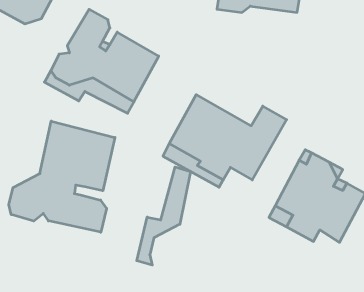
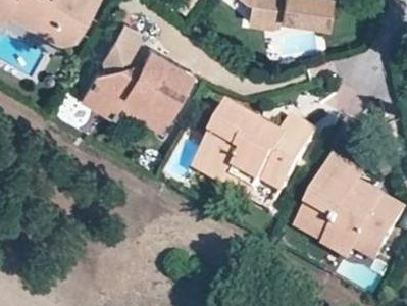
building: [9,121,115,232] -> none
building: [137,167,191,265] -> none

